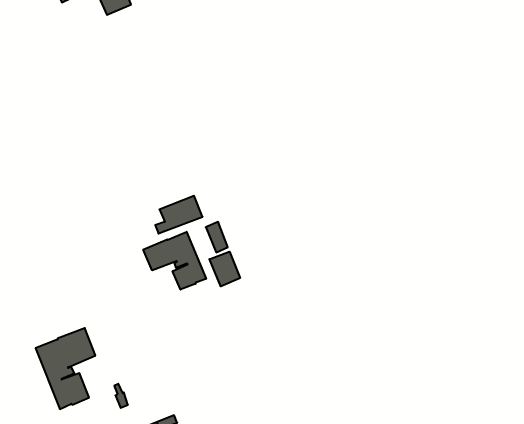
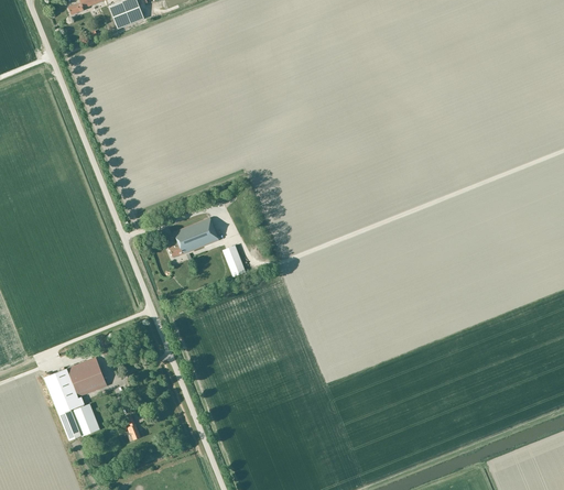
building: [143,232,206,290] -> none
building: [209,252,240,286] -> none

